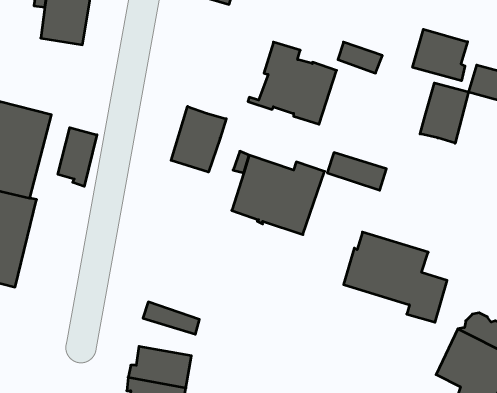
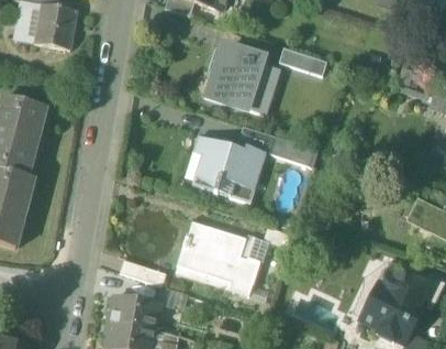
building: [413,29,468,81] -> none
building: [420,83,468,143] -> none
building: [171,106,226,172] -> none
building: [58,128,97,186] -> none
building: [344,232,447,322] -> [177,220,261,294]

